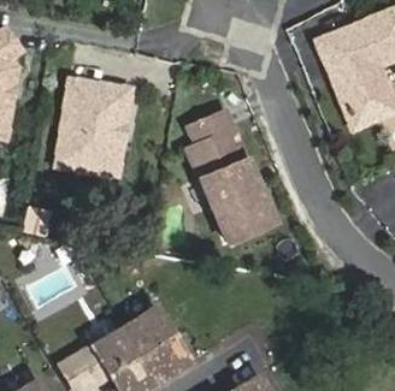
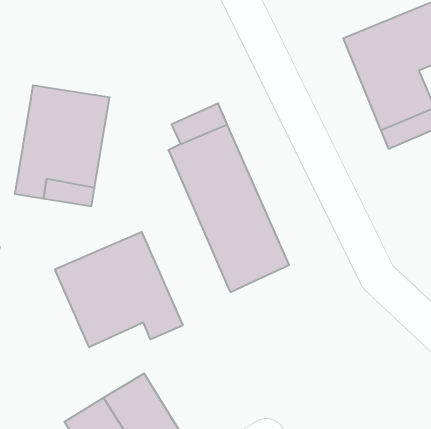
building: none -> [55,232,183,347]

